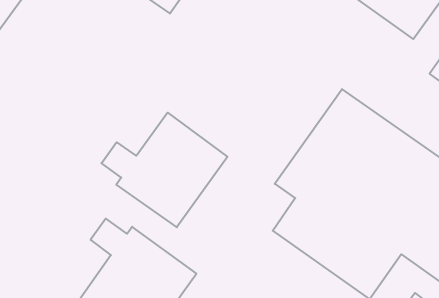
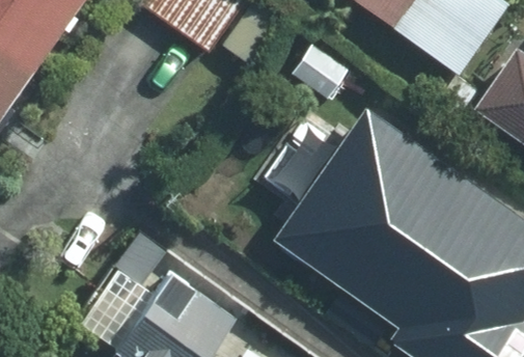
building: [101,113,227,227] -> none

